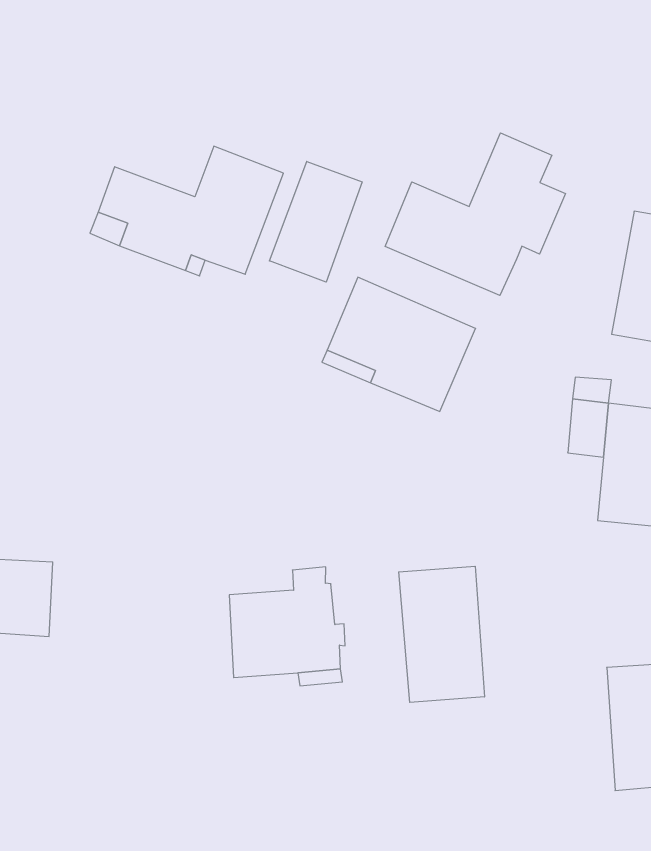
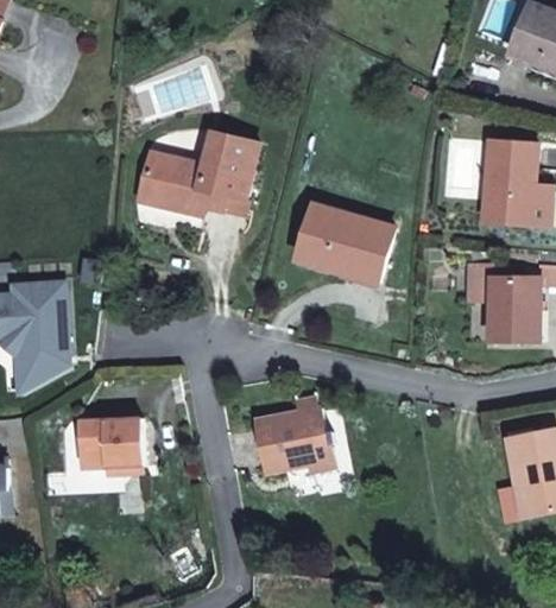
building: [385,133,566,295] -> none
building: [269,161,362,282] -> none
building: [399,566,484,702] -> none

